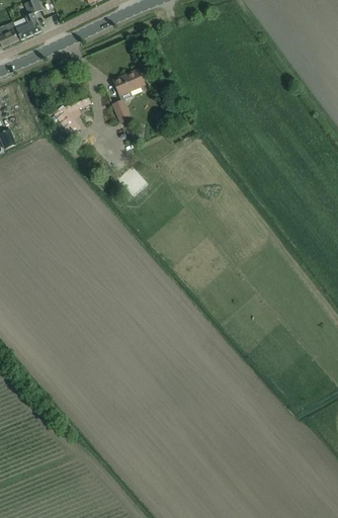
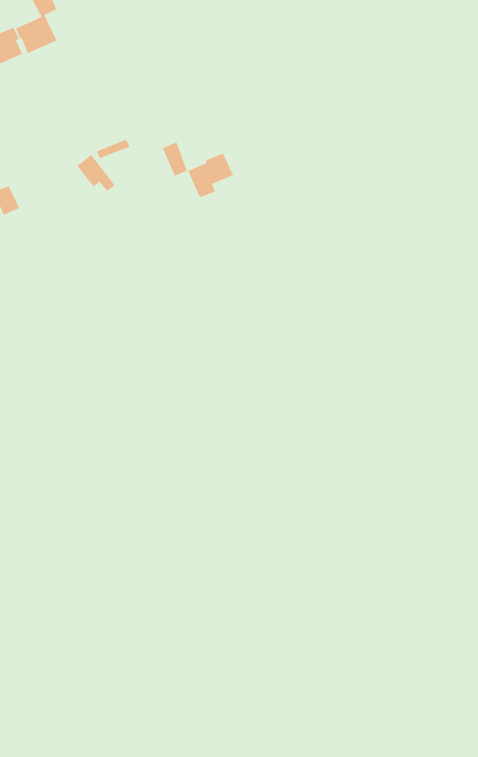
building: [113,69,145,99] -> [188,153,234,198]

